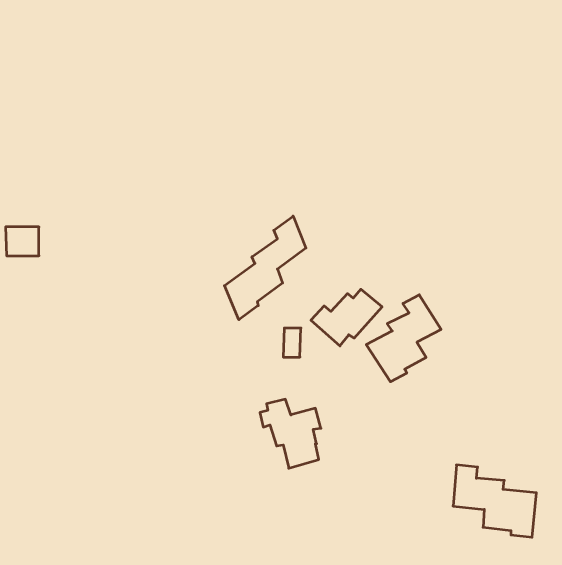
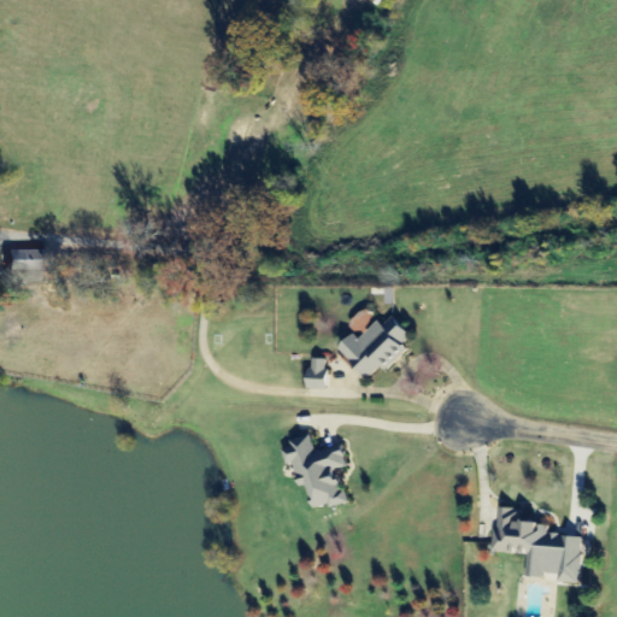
building: [224,216,306,320] -> none
building: [366,295,441,382] -> none

